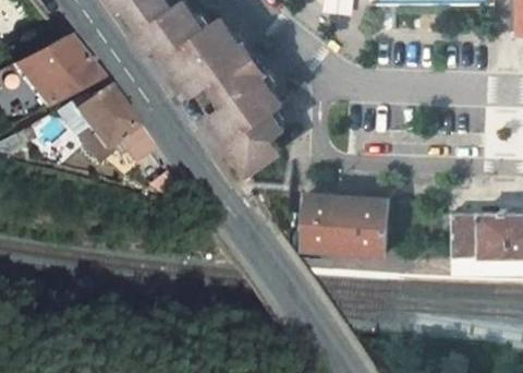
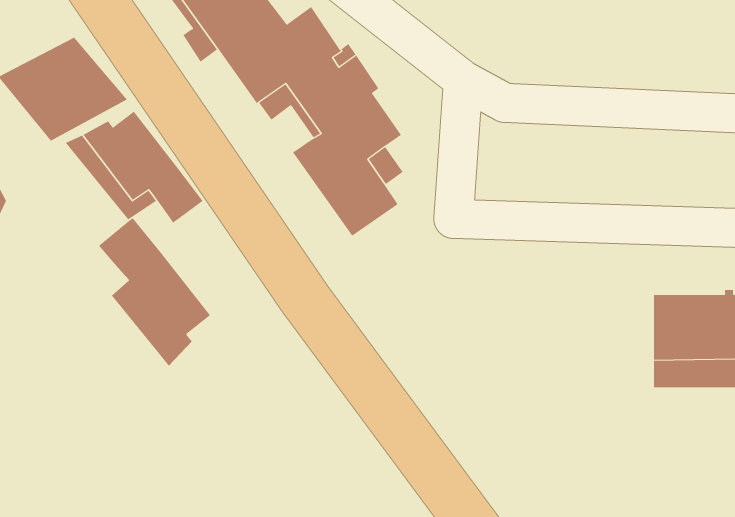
building: none -> [98,217,211,366]
building: [305,193,390,253] -> none

